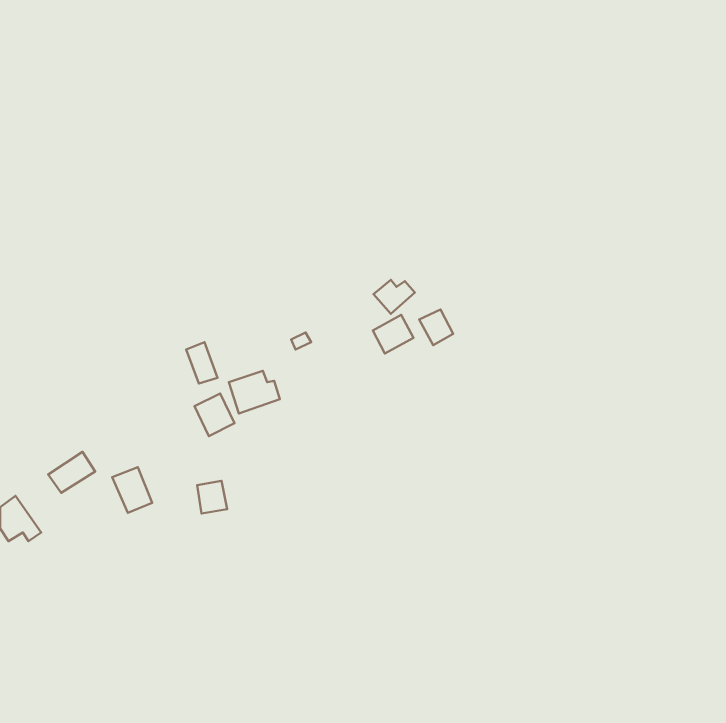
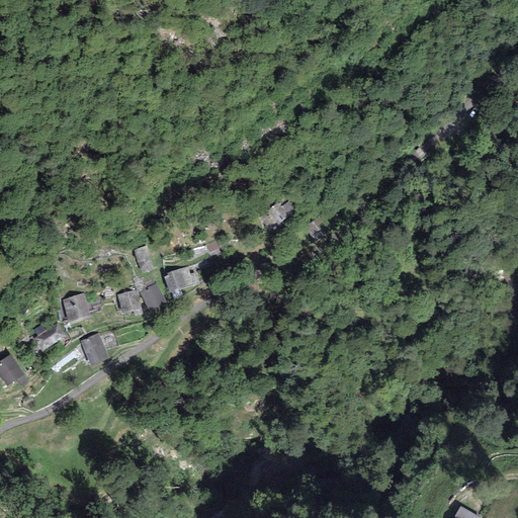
building: [373,315,413,354] -> none
building: none -> [63,293,90,322]
building: [197,481,227,513] -> [117,290,139,314]

